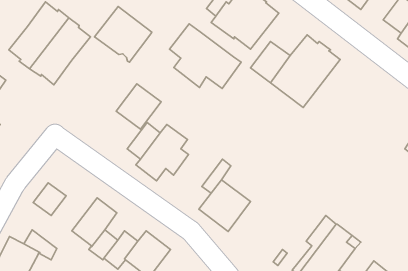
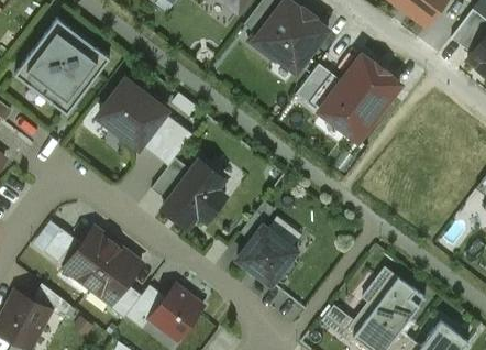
building: [95,7,152,62] -> [97,81,164,146]
building: [170,24,241,88] -> none
building: none -> [63,229,117,285]

